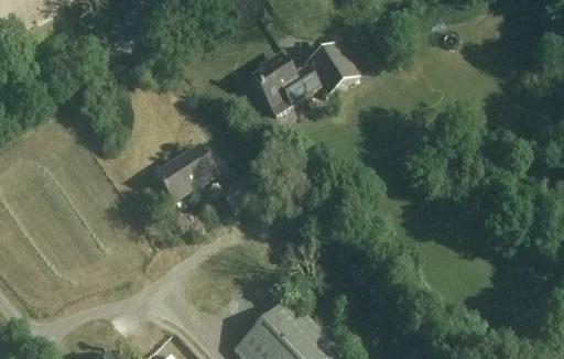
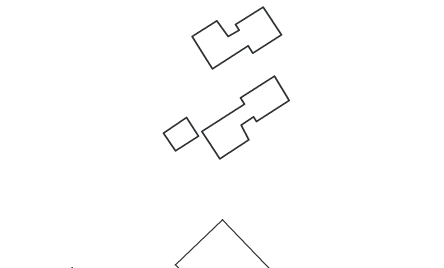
building: none -> [202,76,289,159]
building: [154,145,216,200] -> none

